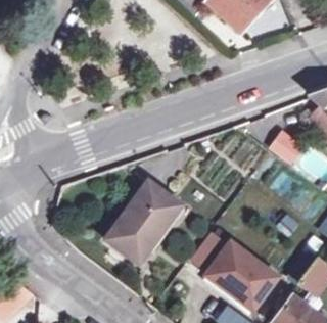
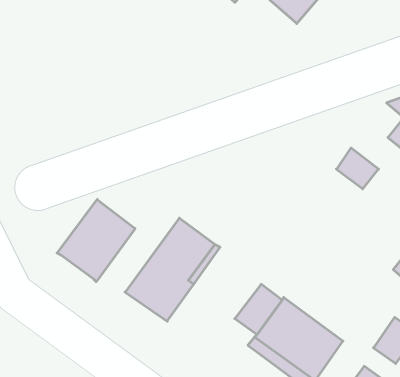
building: none -> [57,199,135,282]

